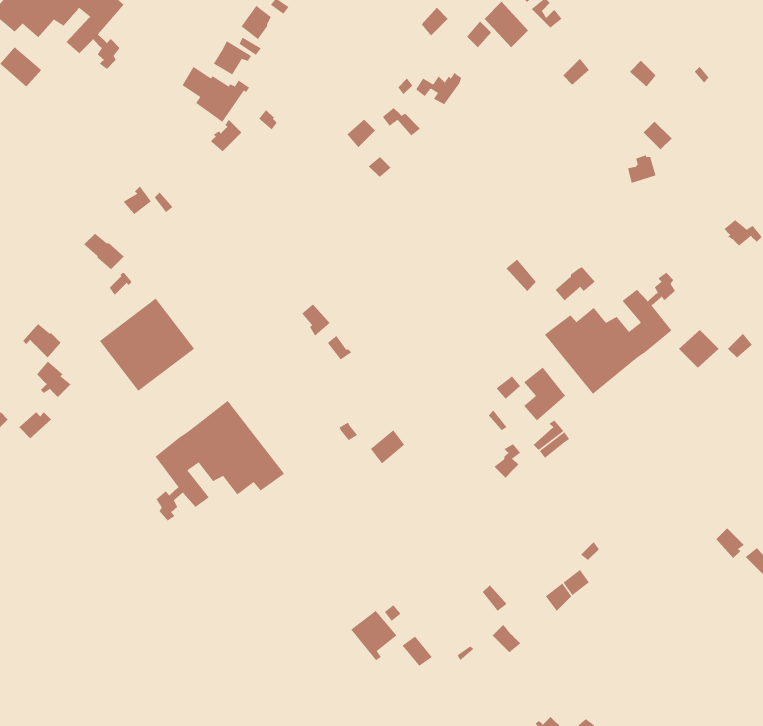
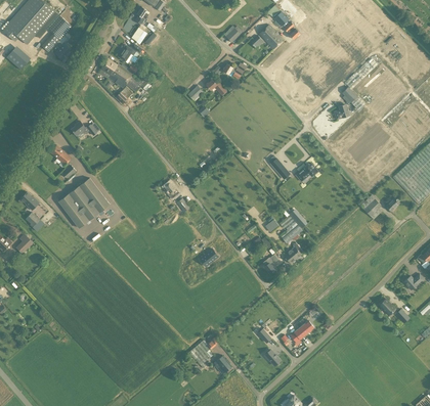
building: [544,272,676,395] -> none
building: [154,400,285,521] -> none

